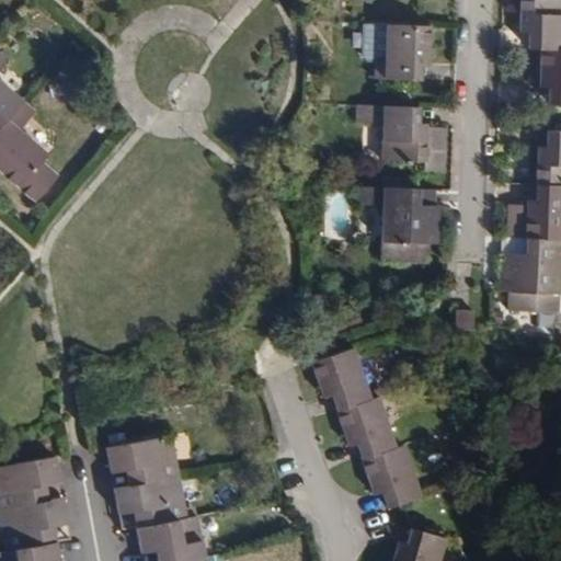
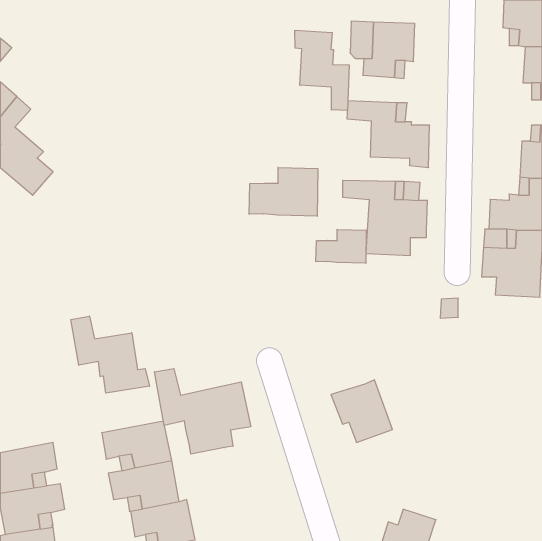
building: none -> [295,30,349,110]
building: none -> [249,167,318,216]
building: none -> [316,229,366,263]
building: none -> [71,316,150,393]
building: [316,346,377,409] -> none
building: none -> [155,369,251,454]
building: [368,443,430,505] -> none

